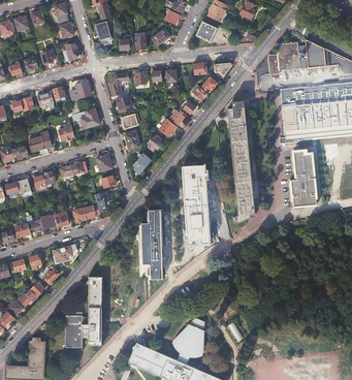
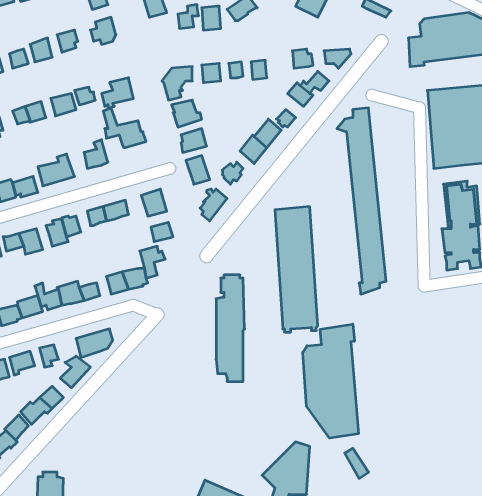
building: none -> [303,324,358,438]
building: [64,277,102,347] -> none

